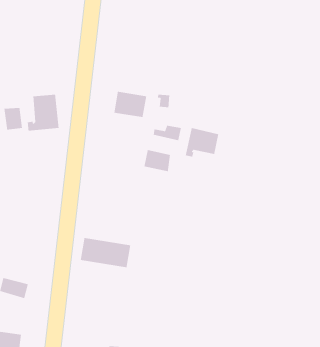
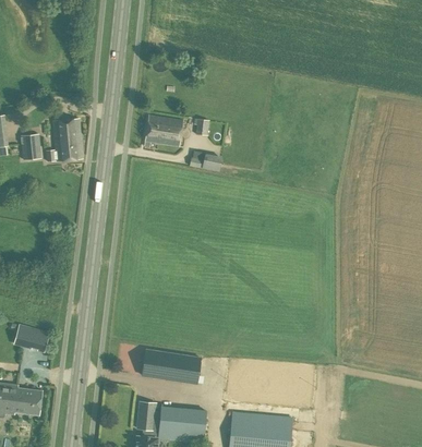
building: [185,127,219,158] -> none
building: [143,149,171,172] -> none
building: [80,237,131,268] -> [142,348,200,383]

